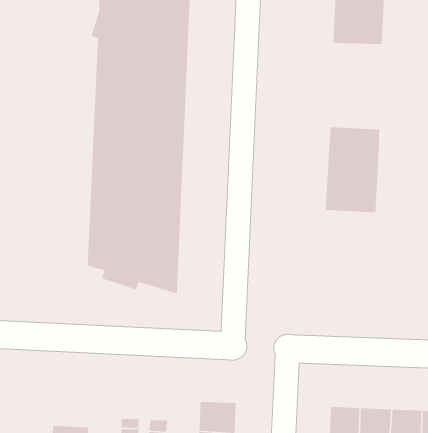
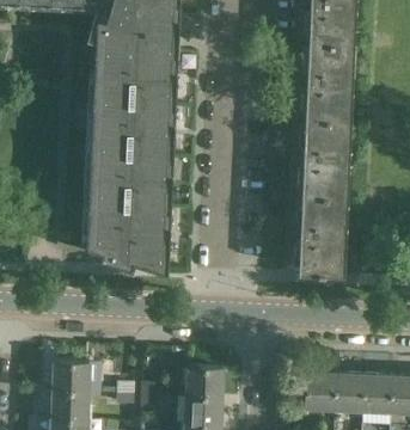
building: none -> [305,45,353,123]
building: none -> [296,197,347,277]
building: none -> [53,364,87,394]

